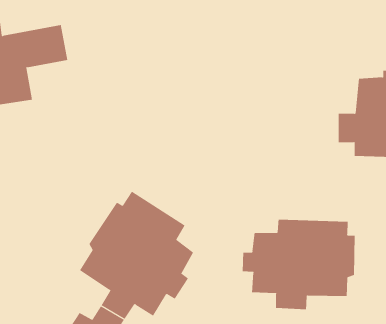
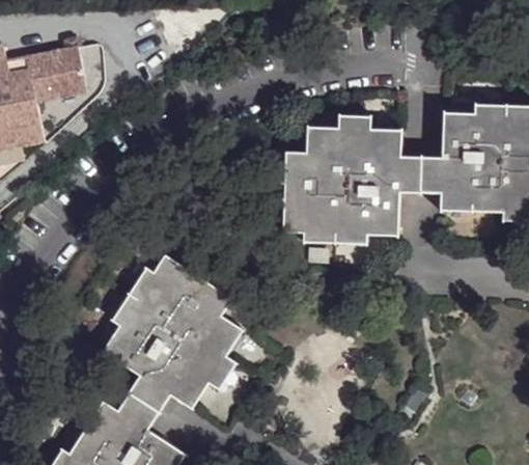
building: none -> [283,114,420,245]
building: [242,219,355,310] -> none

